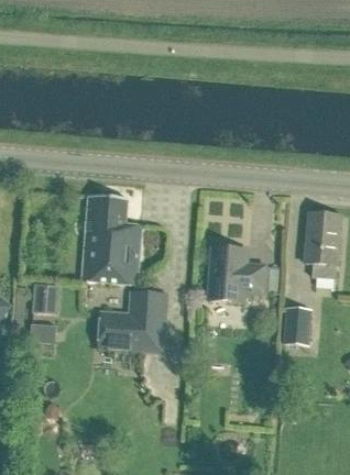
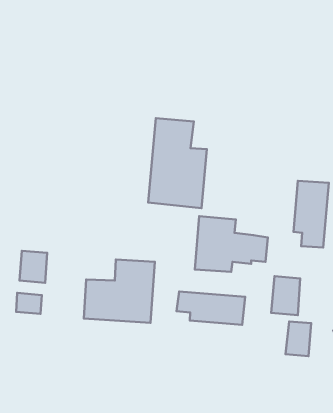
building: [81,195,140,284] -> [148,118,207,208]
building: none -> [177,291,245,325]
building: none -> [286,321,311,356]

